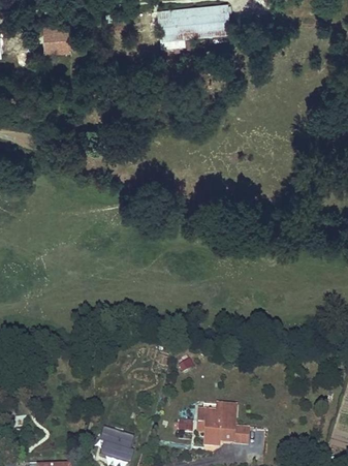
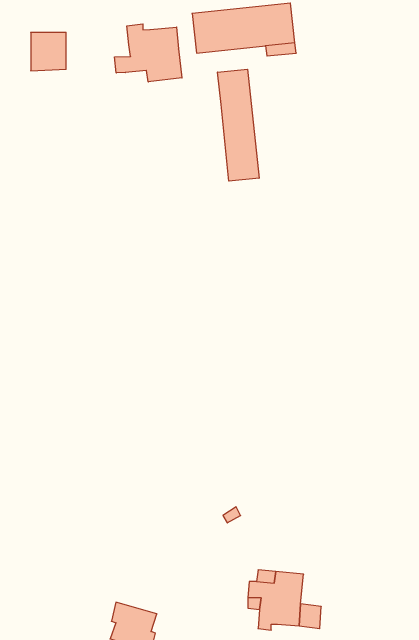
building: none -> [115,24,182,82]
building: none -> [218,69,259,181]

